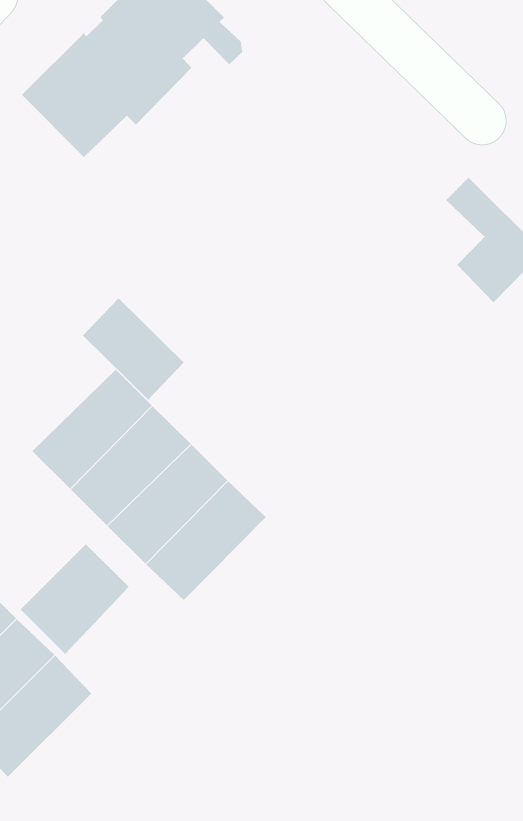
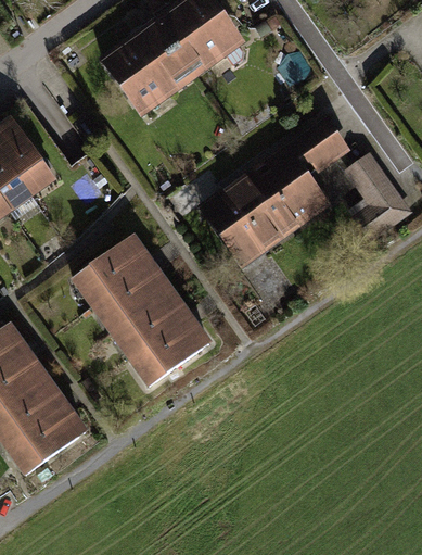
building: none -> [206,121,344,250]
building: [82,297,185,401] -> none
building: [20,544,130,655] -> none

